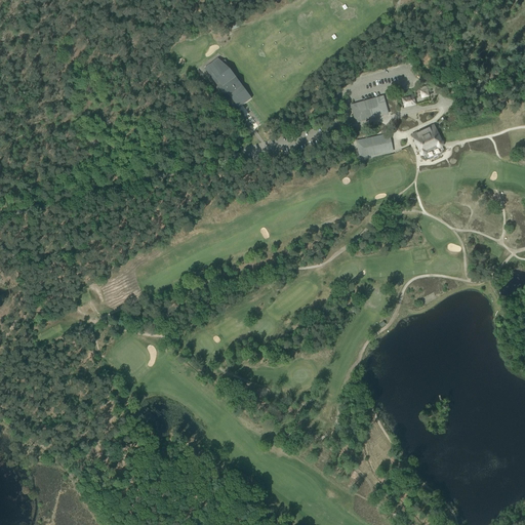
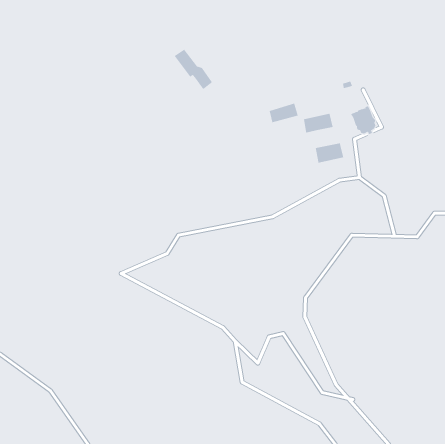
building: [352,95,388,121] -> [269,103,299,125]
building: none -> [315,142,344,164]

